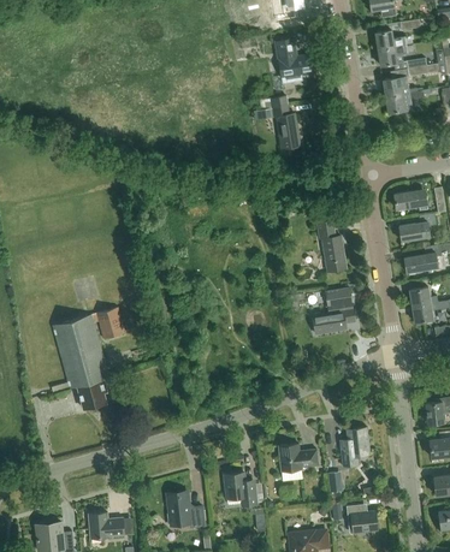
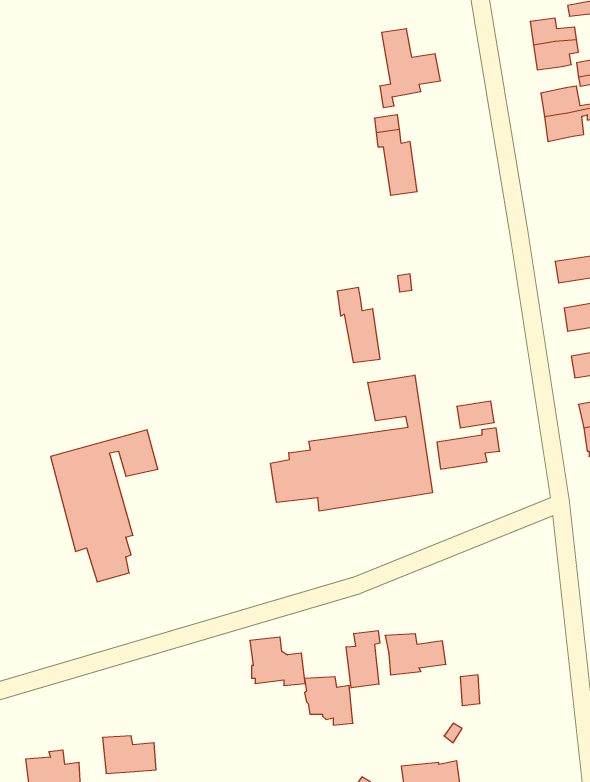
building: [318,220,347,271] -> [337,287,380,363]
building: none -> [271,375,432,511]
building: [339,427,369,465] -> none
building: none -> [346,631,380,688]
building: [167,494,205,527] -> [250,637,305,685]
building: [347,504,378,532] -> none

